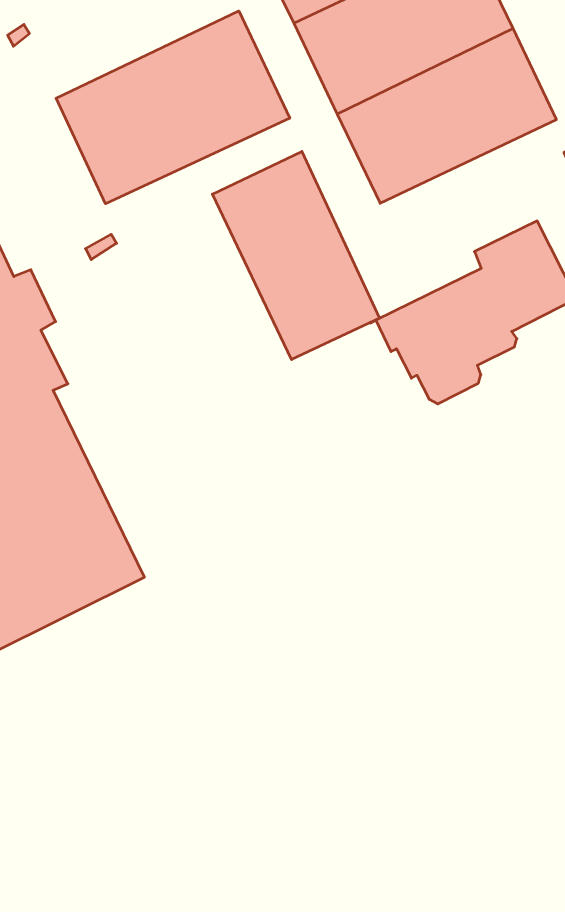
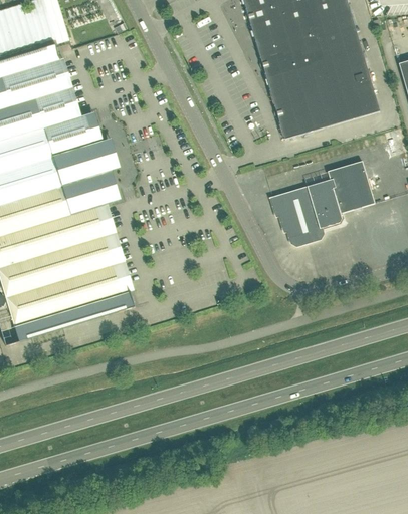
building: [56,11,290,204] -> none
building: [212,151,380,360] -> none

